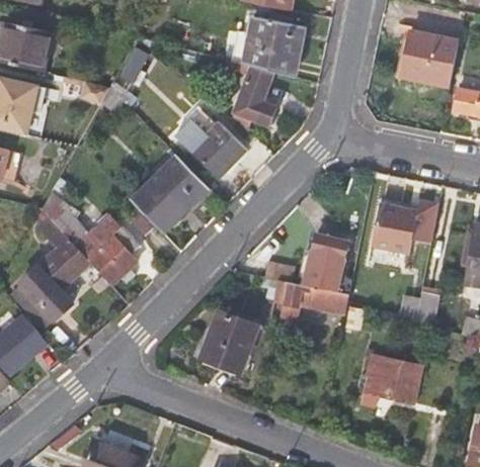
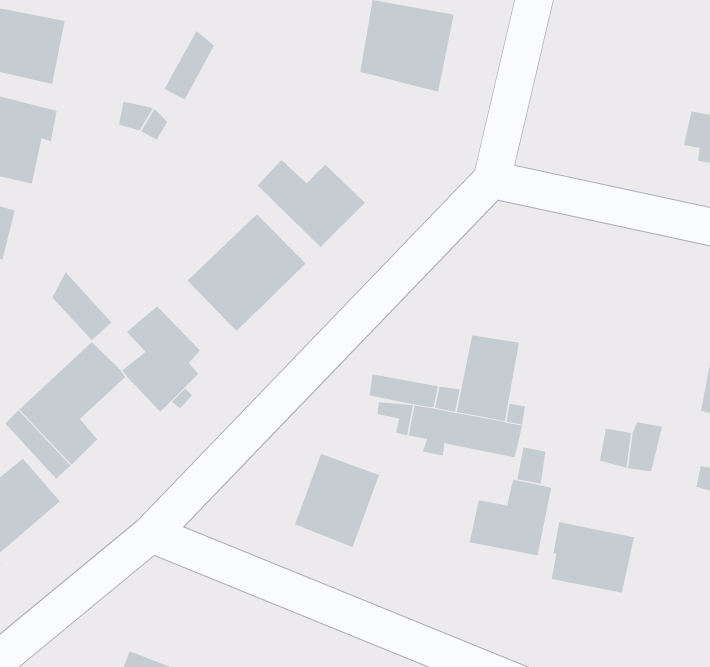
building: [401,30,458,86] -> none
building: [233,66,277,126] -> none
building: [373,200,437,253] -> none
building: none -> [469,479,552,556]

